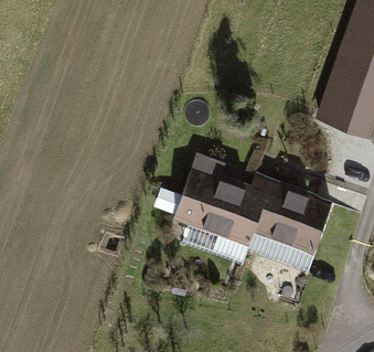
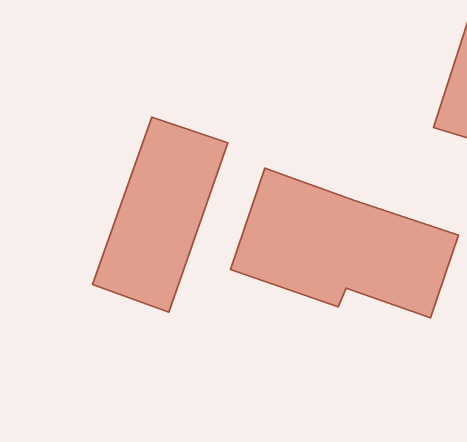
building: none -> [92,117,228,312]

